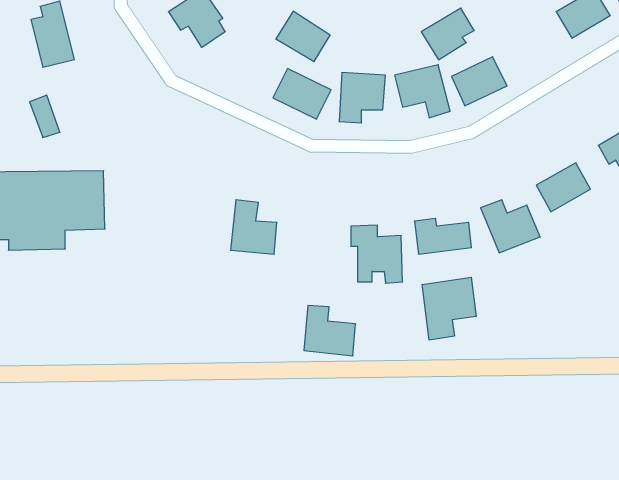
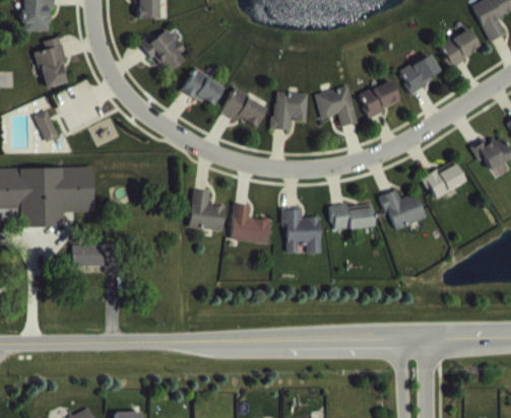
building: [421,8,474,60] -> [399,54,440,93]
building: [276,11,330,62] -> [182,69,223,108]
building: none -> [72,245,107,267]
building: [422,277,476,340] -> none
building: [304,305,356,356] -> [231,205,270,243]

